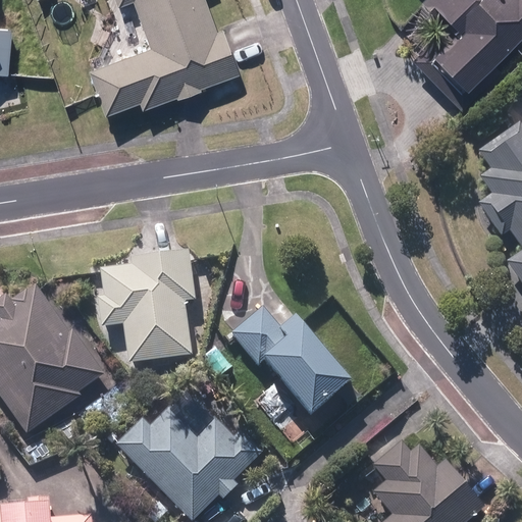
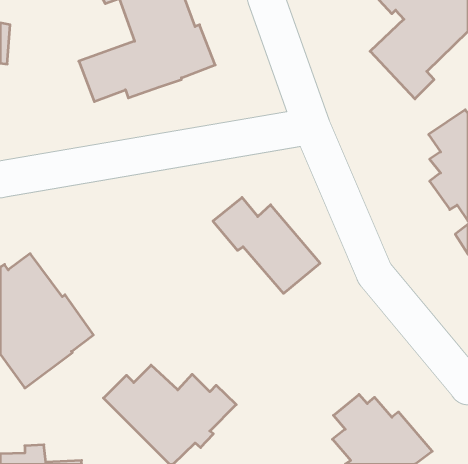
building: [98,249,194,361] -> none
building: [230,306,350,413] -> [213,197,320,293]

